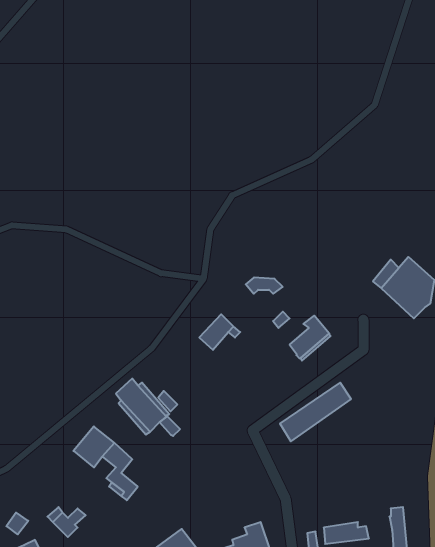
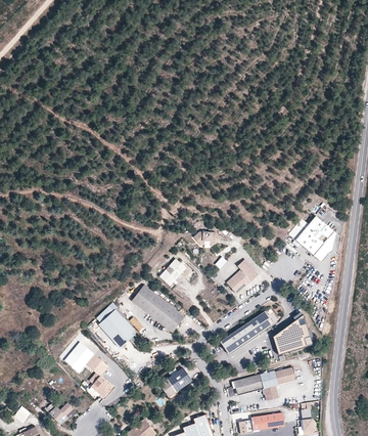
building: none -> [131,284,184,332]
building: none -> [271,312,311,351]
building: none -> [233,366,295,400]
building: none -> [159,368,192,397]

